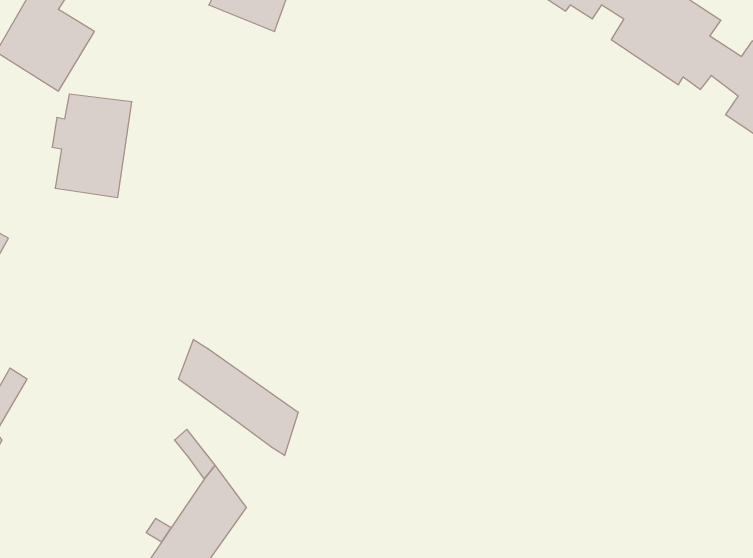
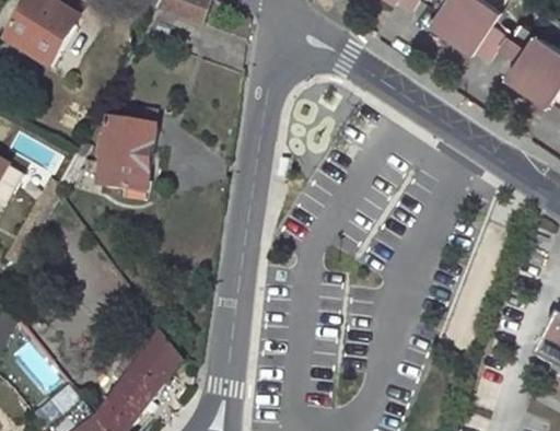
building: [52,94,132,197] -> [97,120,153,193]
building: [179,339,298,456] -> none

